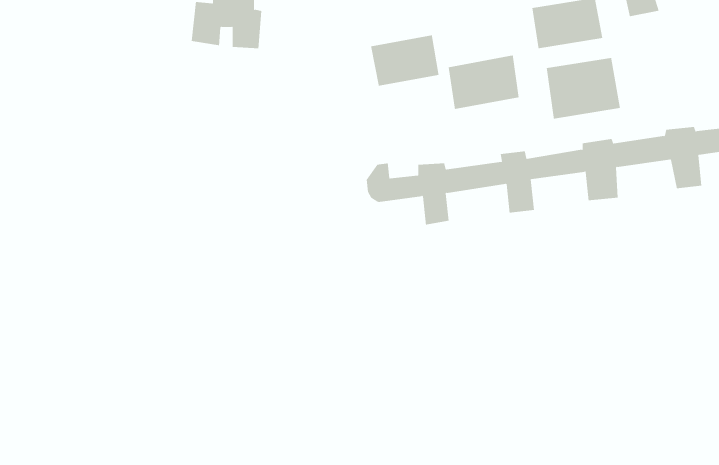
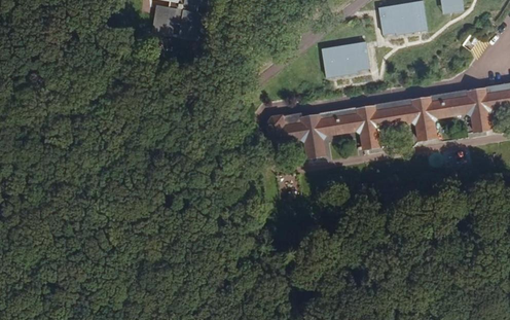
building: [370,34,439,86] -> none
building: [546,57,621,119] -> none

